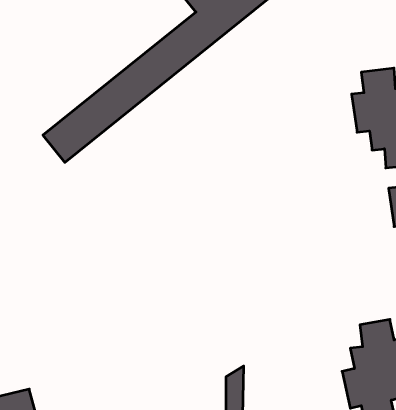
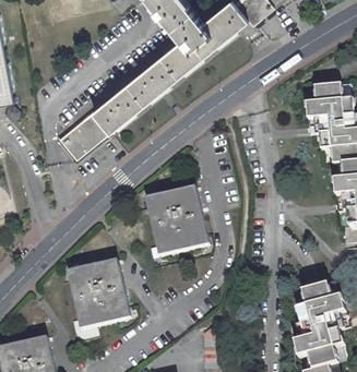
building: none -> [145,185,211,256]
building: none -> [67,264,131,334]

